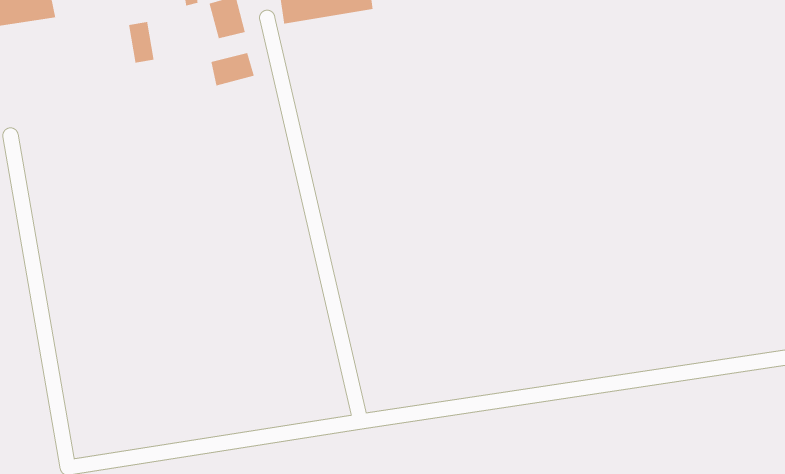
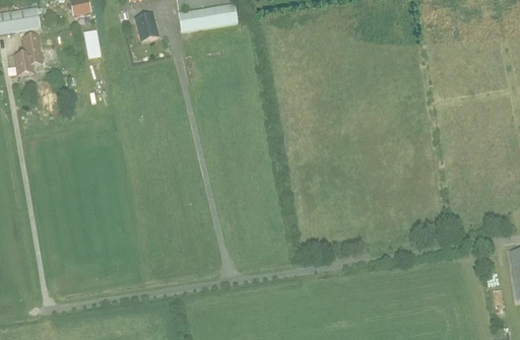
building: none -> [14,35,42,75]
building: [210,52,255,86] -> none

